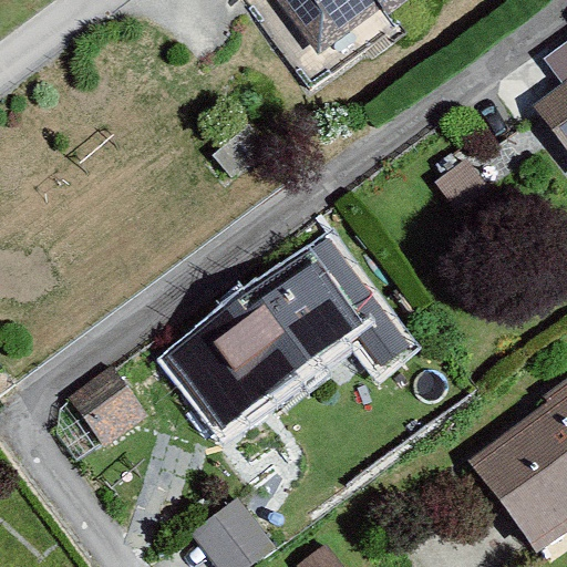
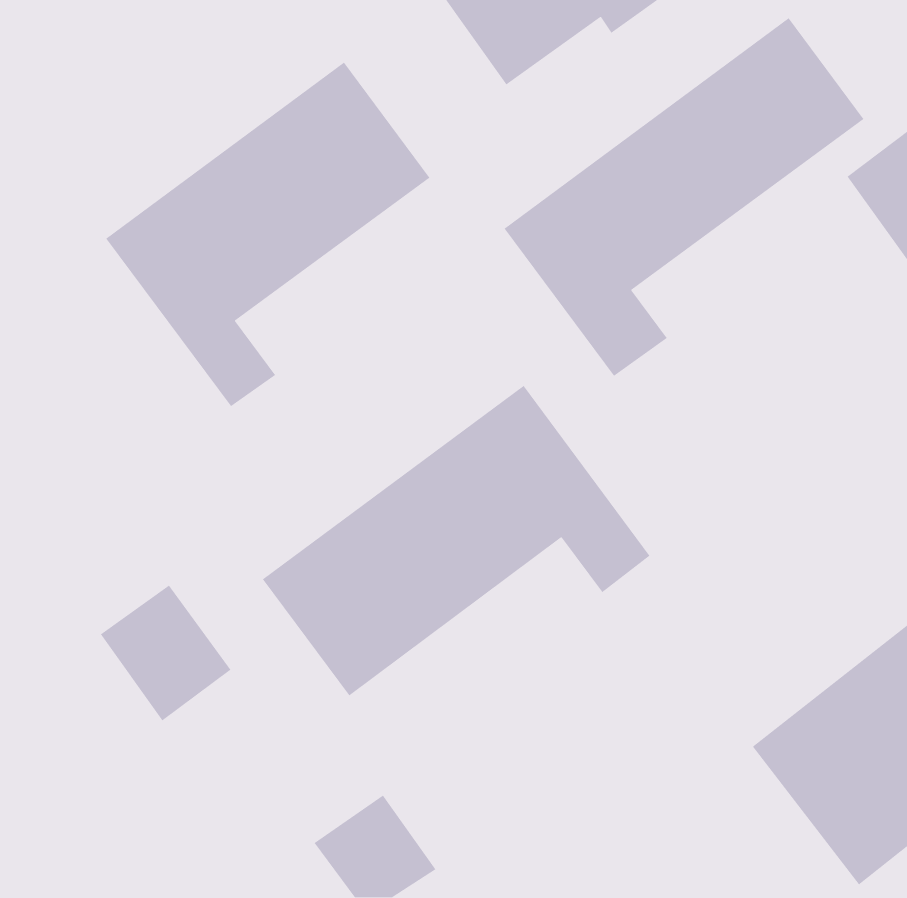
building: none -> [503,17,865,377]
building: none -> [105,61,430,407]

